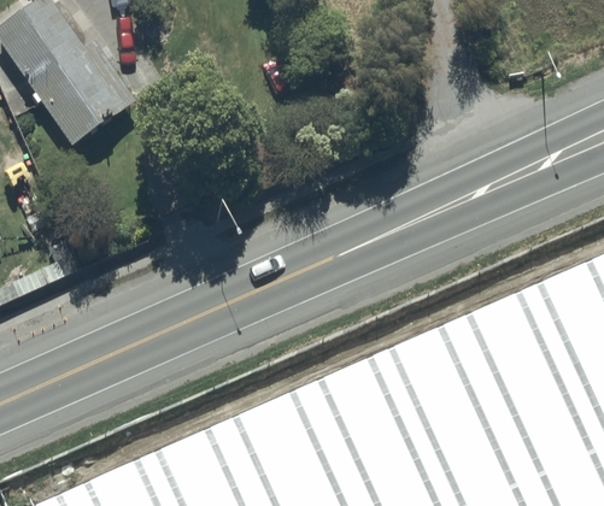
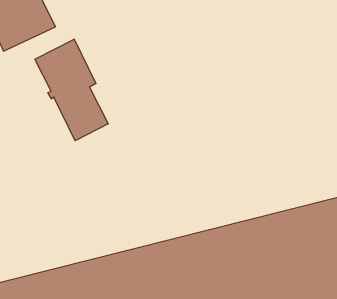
building: none -> [35,39,108,141]

